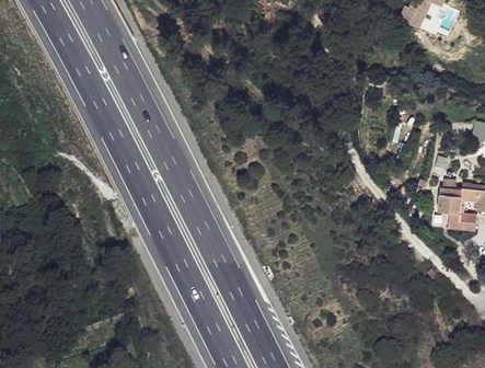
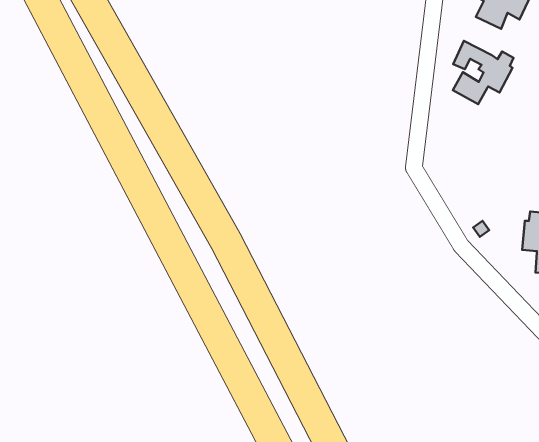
building: none -> [453,41,514,104]

